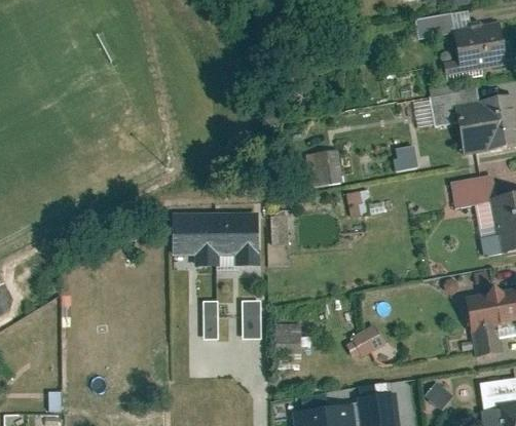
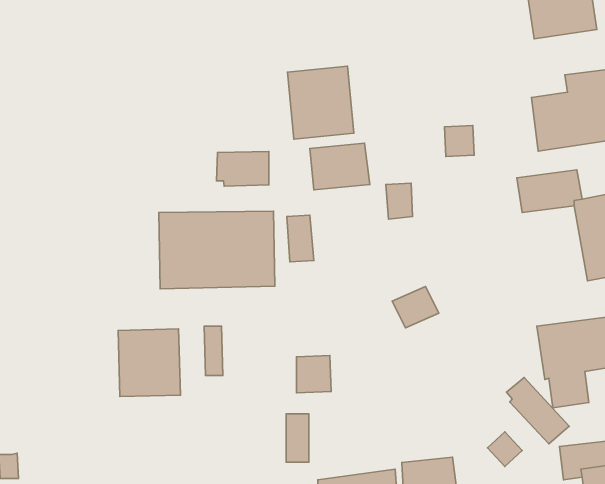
building: none -> [287,66,354,139]
building: none -> [217,152,269,186]
building: [246,297,263,334] -> [286,414,309,462]
building: none -> [118,329,180,397]
building: [351,320,386,352] -> [392,287,439,328]
building: none -> [506,378,569,444]

